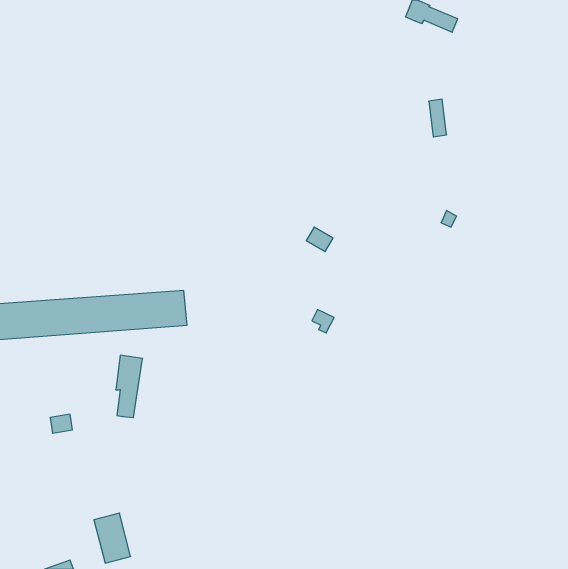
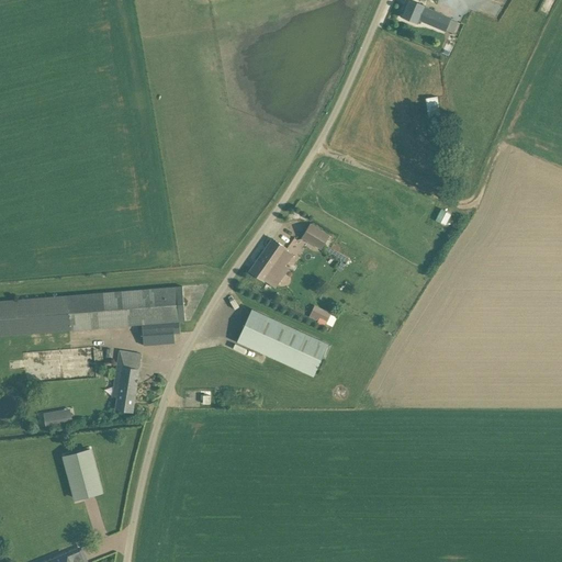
building: none -> [248,238,288,288]
building: none -> [236,308,327,376]
building: none -> [140,322,179,345]
building: [94,513,131,563] -> [64,449,100,498]

